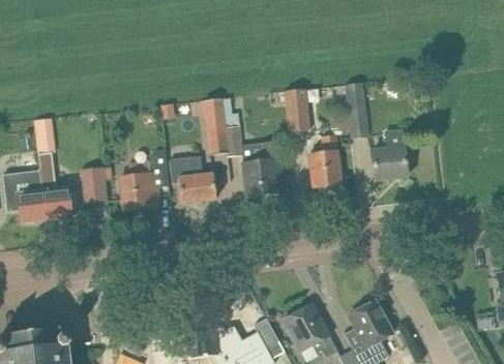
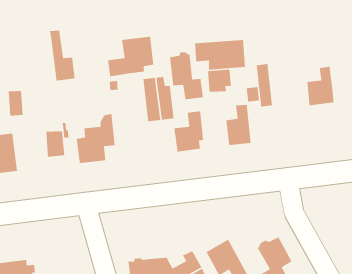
building: none -> [107,36,154,77]
building: none -> [194,39,246,70]
building: none -> [169,51,204,100]
building: [370,129,406,180] -> [307,66,334,106]
building: [37,154,70,219] -> [49,30,75,81]
building: [169,156,215,203] -> none

